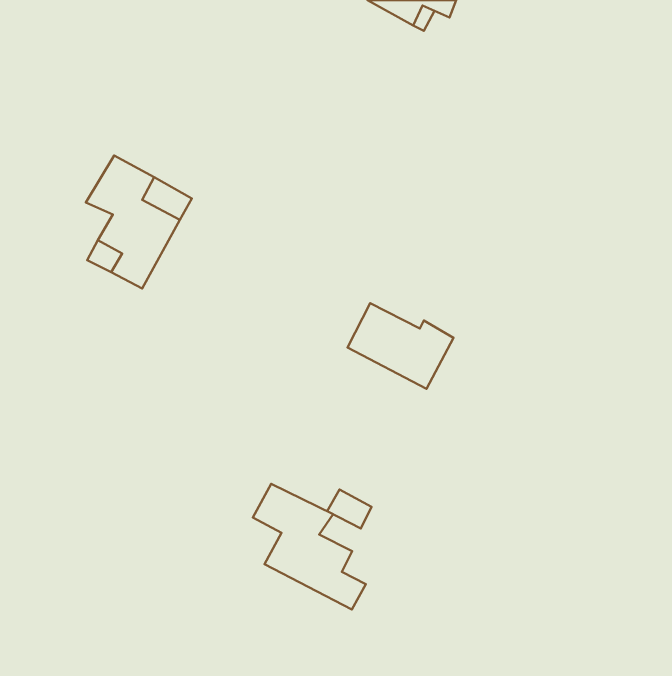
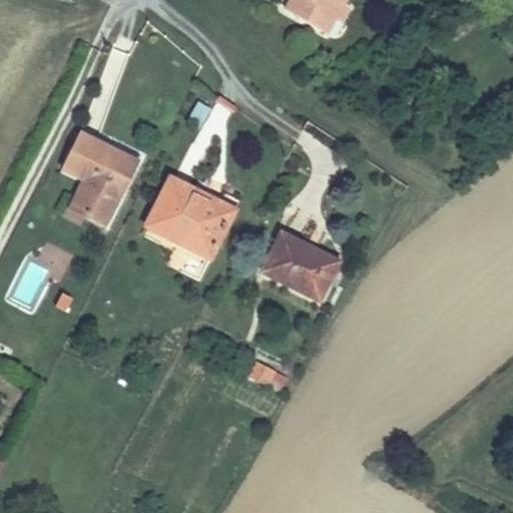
building: none -> [144,174,235,258]
building: [253,484,366,610] -> none

